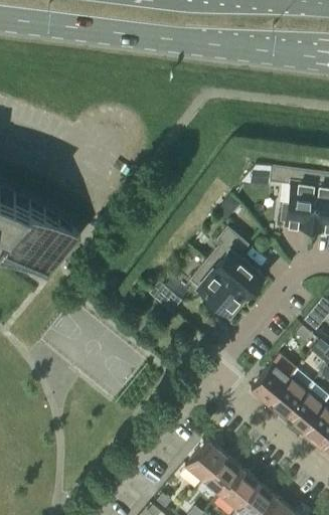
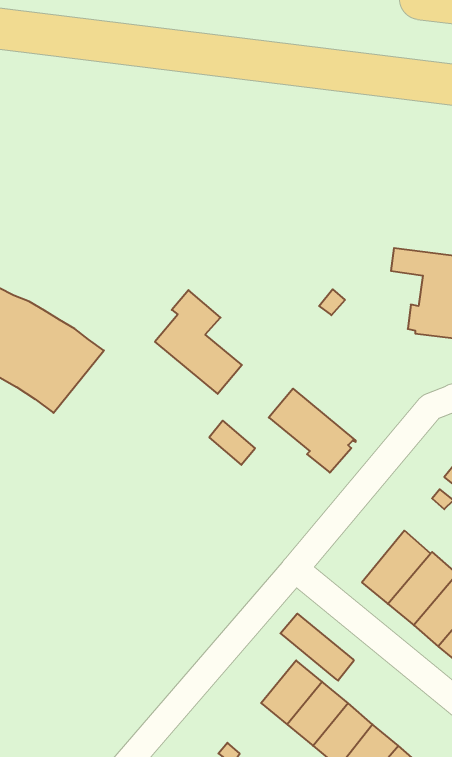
building: [205,227,263,296] -> [155,290,242,394]
building: none -> [280,614,354,681]

